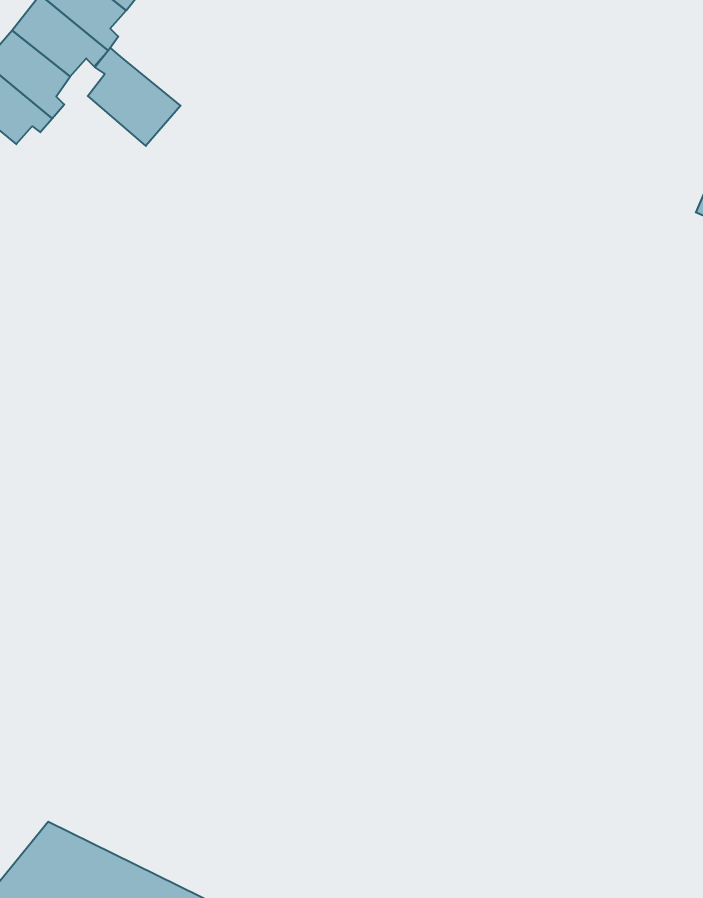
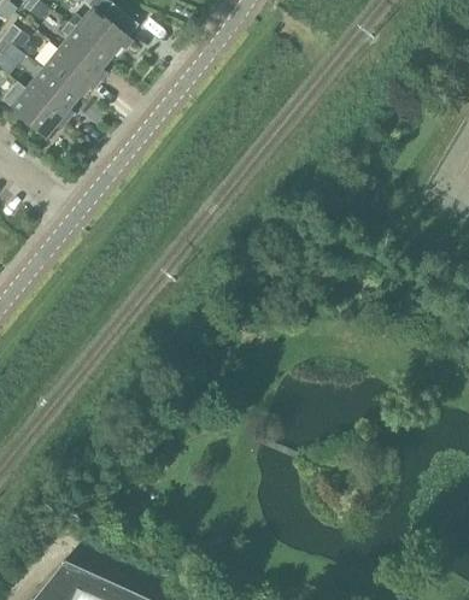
building: [88,48,181,146] -> none

